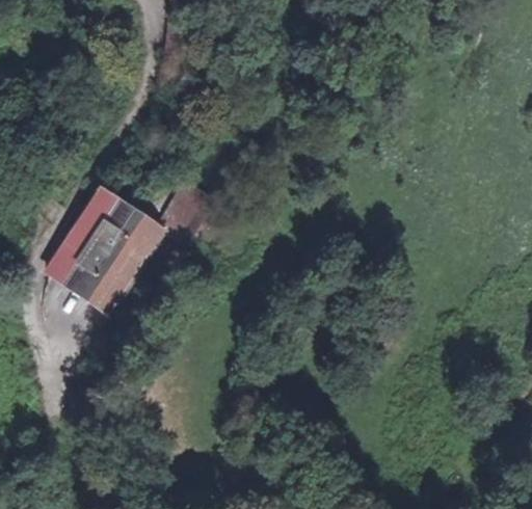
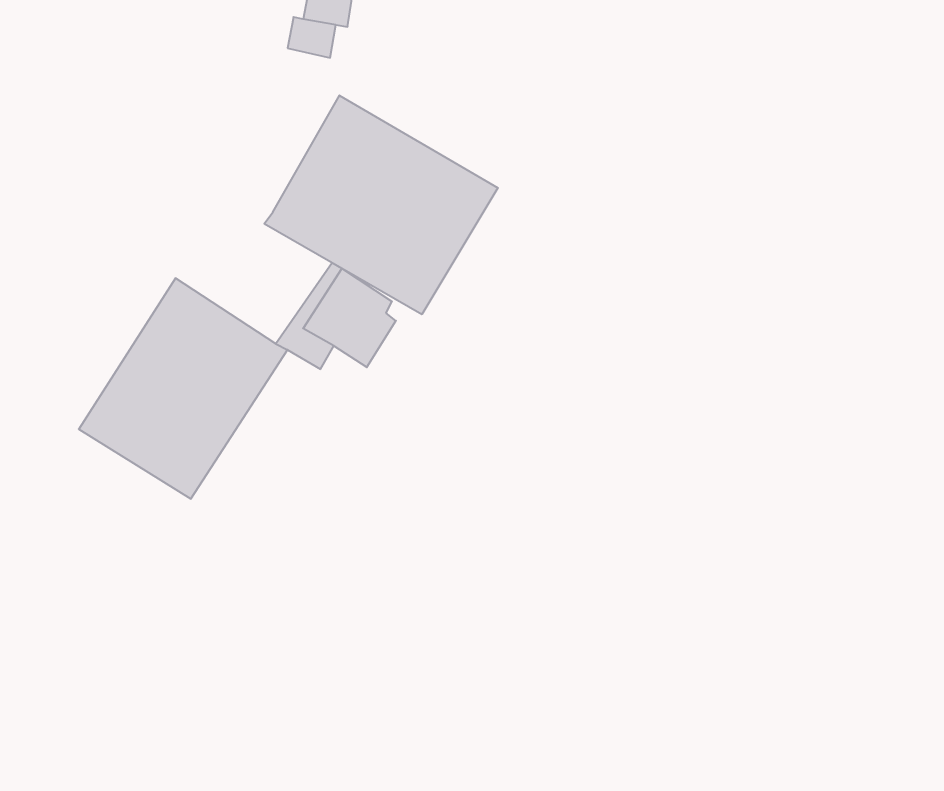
building: none -> [264,95,498,314]

